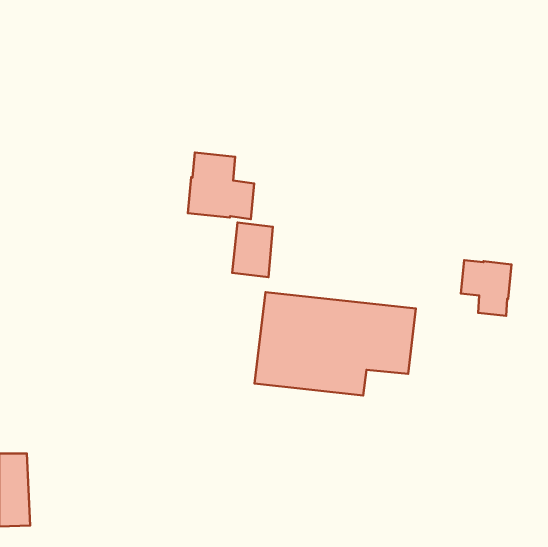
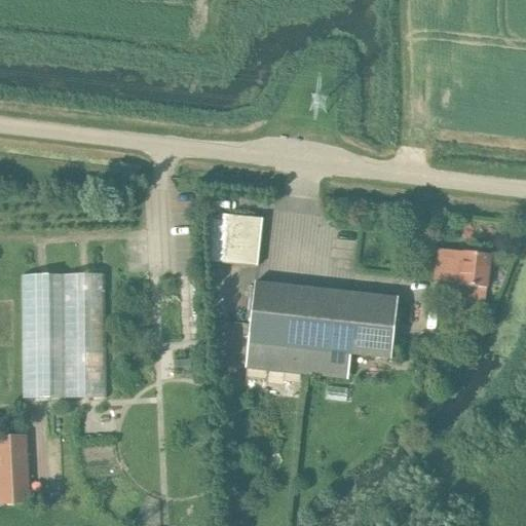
building: [188,153,254,219] -> none
building: none -> [21,273,105,394]

